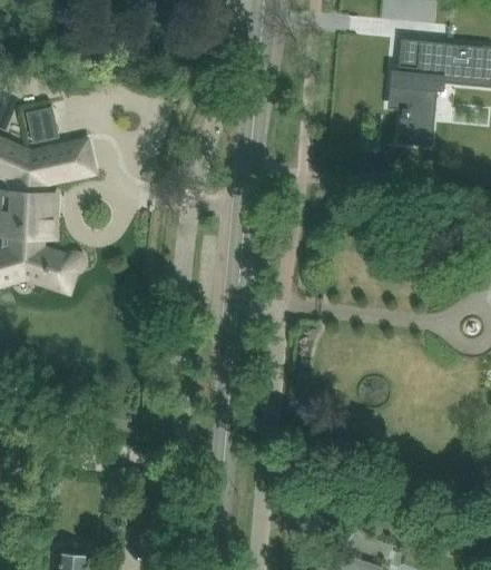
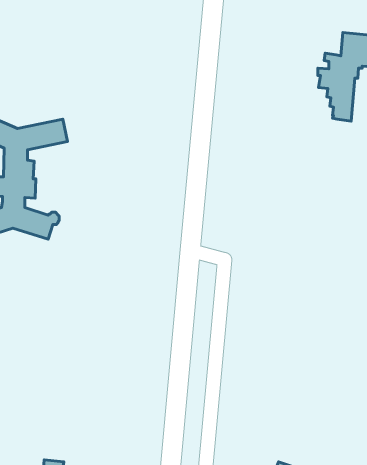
building: [26,106,57,141] -> none

